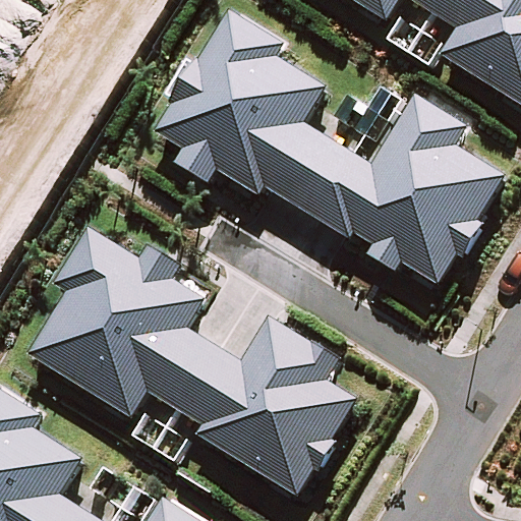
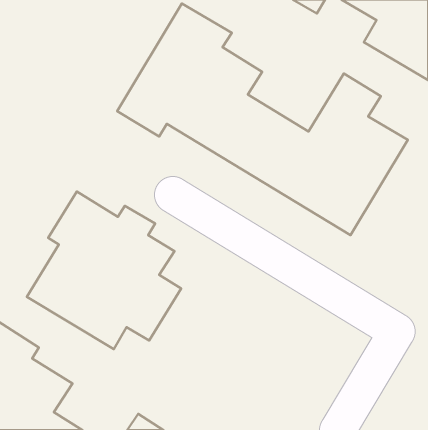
building: [180,321,361,499] -> none

